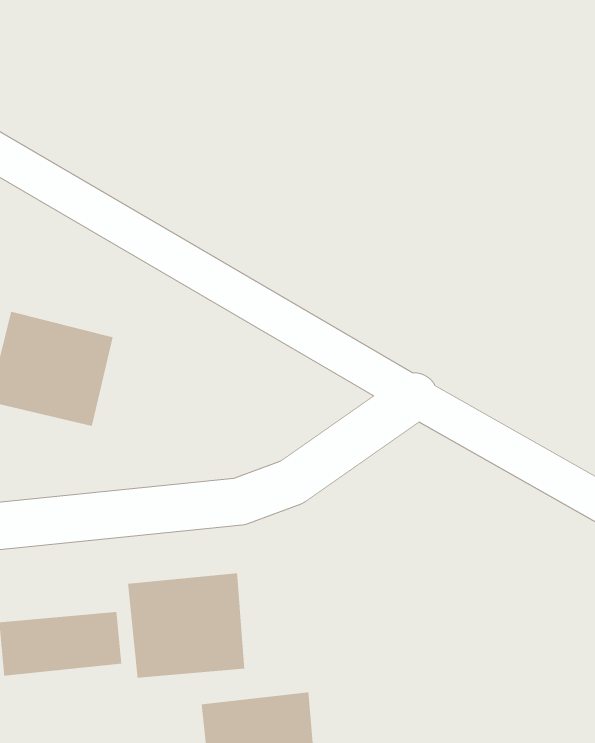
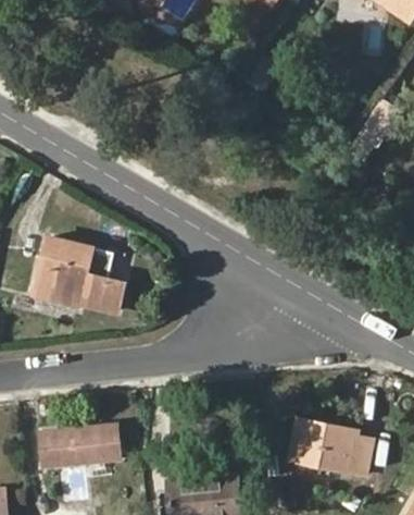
building: [128,573,245,679] -> none
building: none -> [291,419,372,474]

